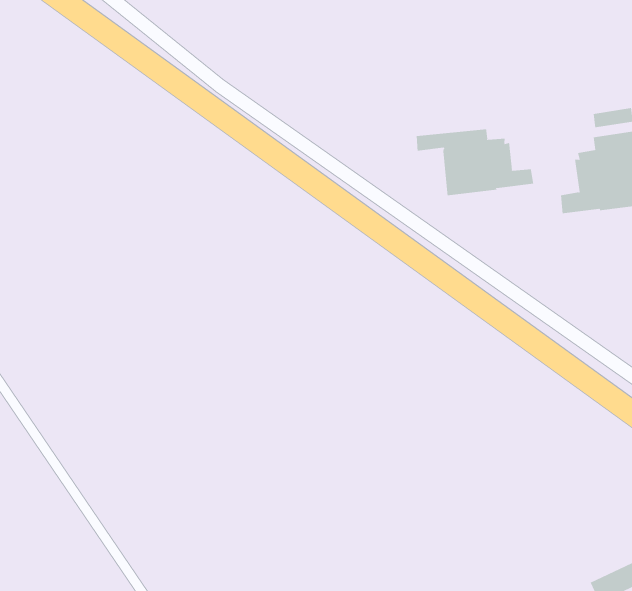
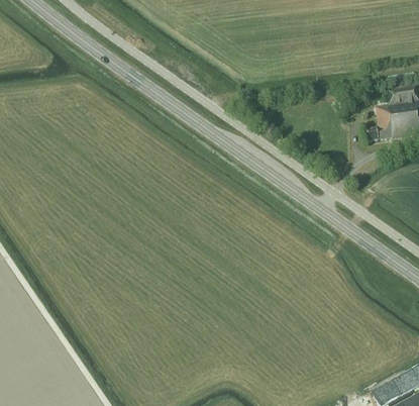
building: [416,129,534,196] -> none

